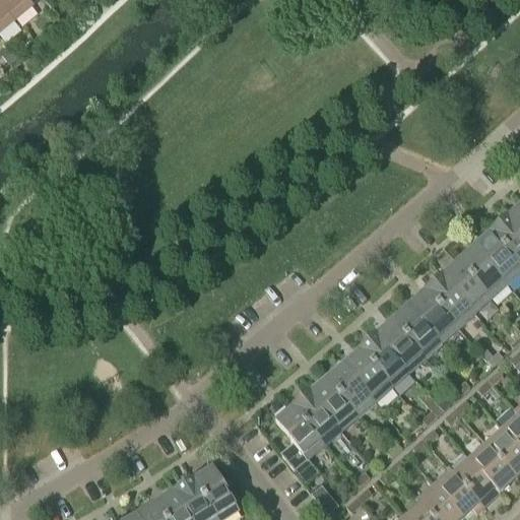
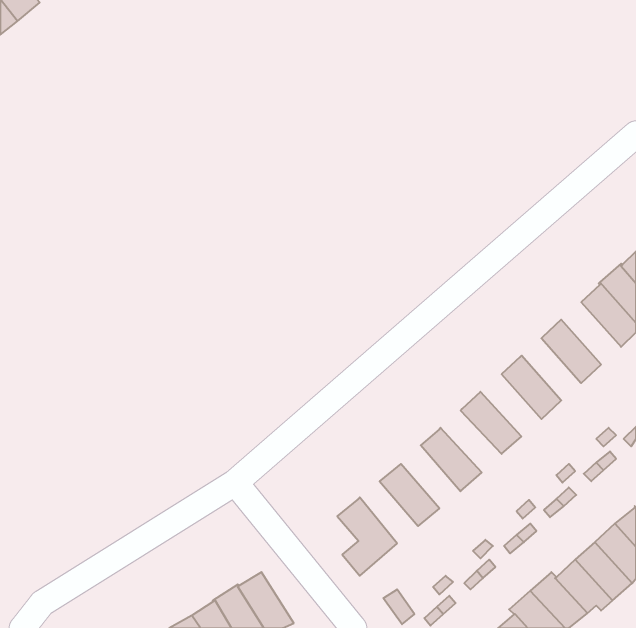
building: [458,247,507,298] -> none
building: [424,274,474,327] -> none
building: [392,306,442,356] -> none
building: [358,333,409,386] -> none
building: [327,364,376,415] -> none
building: [291,391,341,444] -> none

